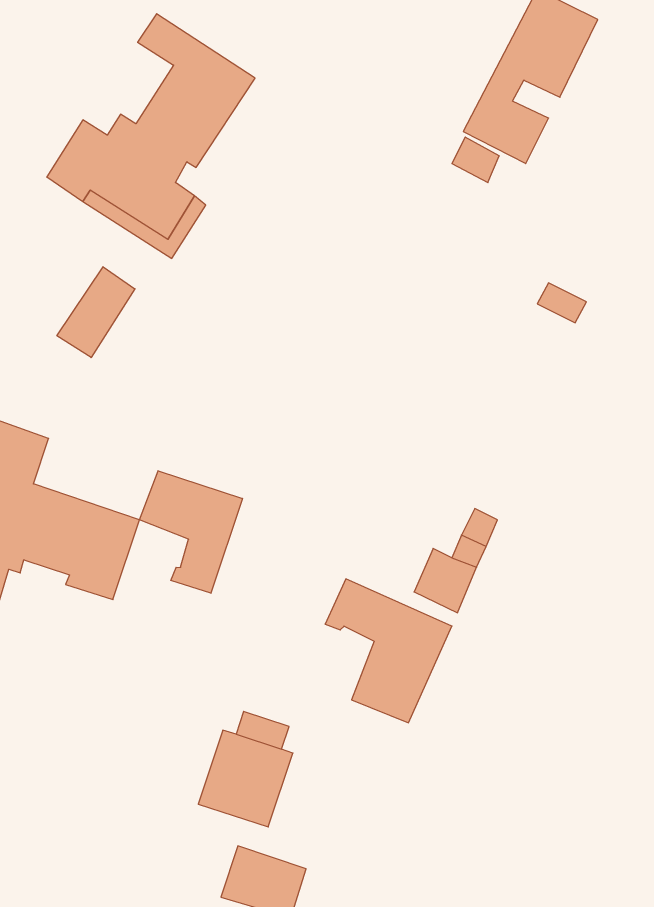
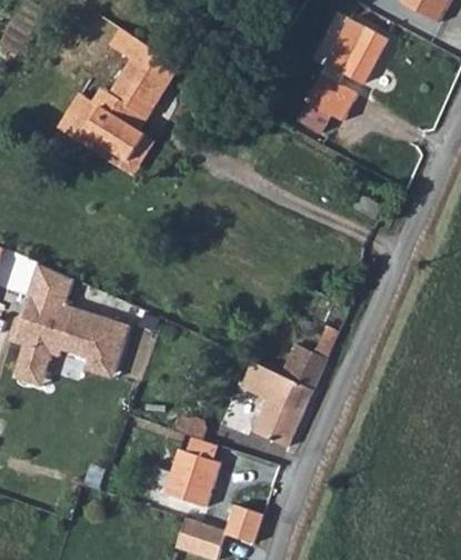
building: [57,267,135,358] -> none
building: [139,471,242,593] -> none
building: none -> [223,501,261,540]

